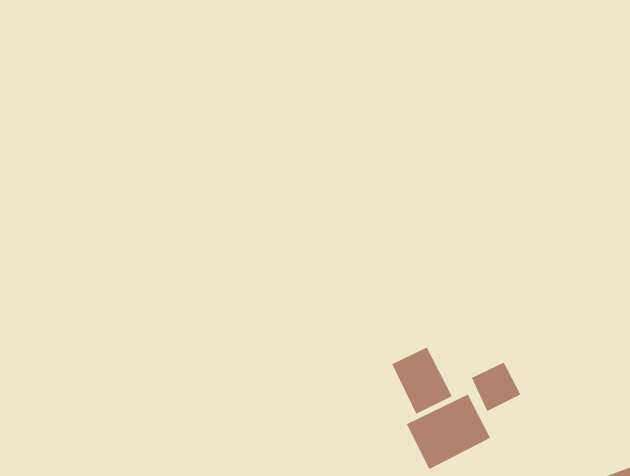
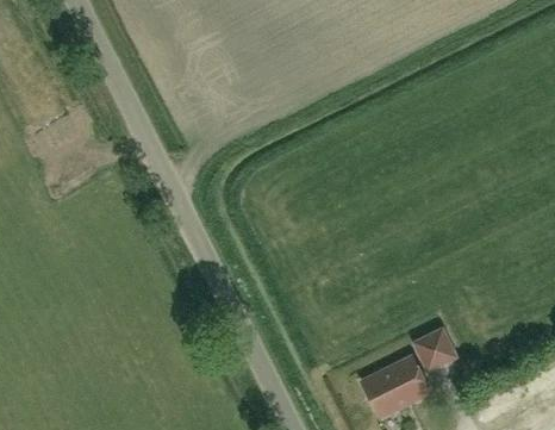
building: [391,347,453,415] -> none

